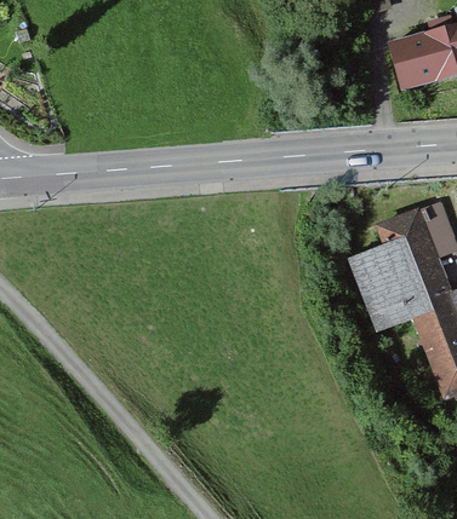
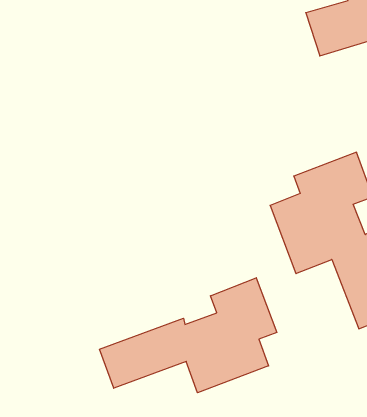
building: none -> [99,278,277,393]

